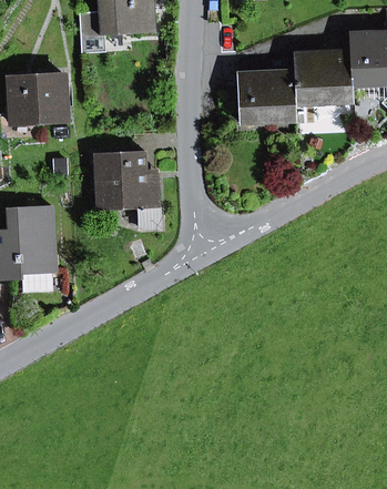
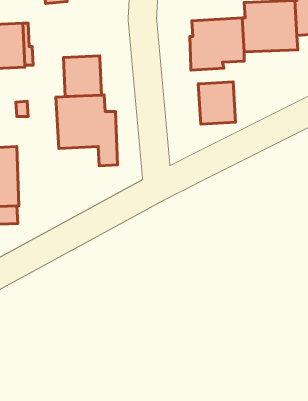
building: none -> [63,56,101,97]
building: none -> [198,82,236,124]

